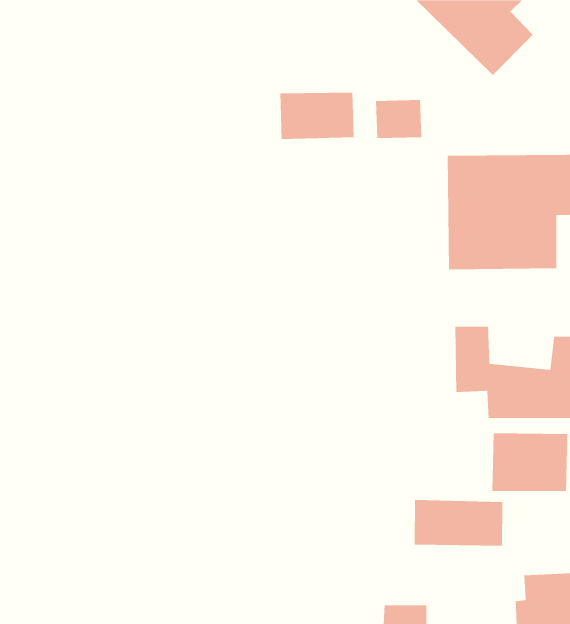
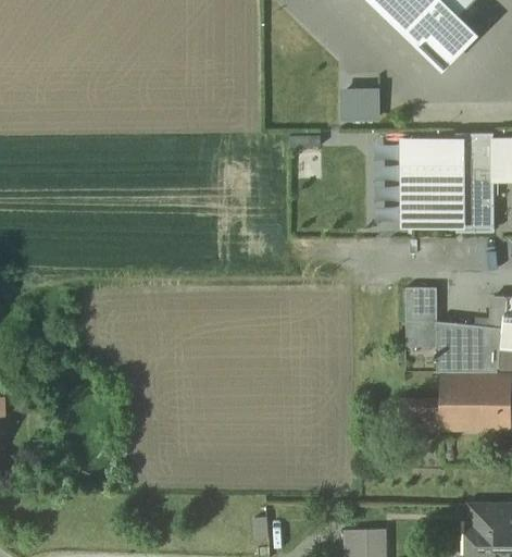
building: [279,92,355,140] -> none
building: [414,499,503,547] -> none

